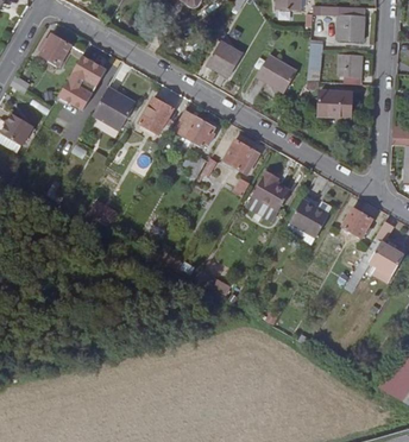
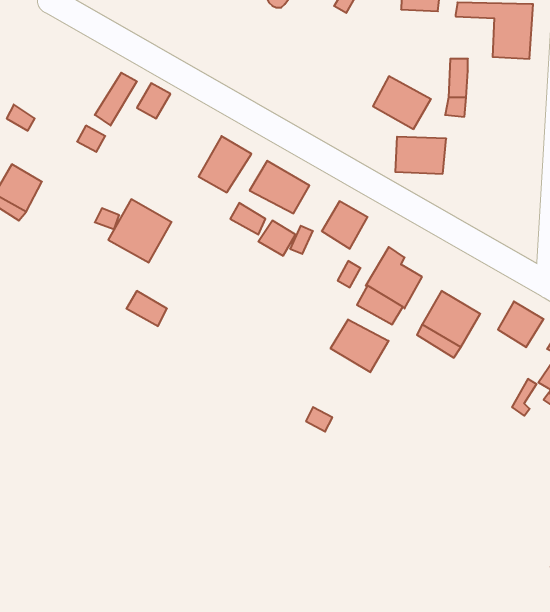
building: [39,32,84,64] -> none
building: [207,40,243,76] -> none
building: [339,55,361,84] -> none
building: [93,87,136,130] -> [108,199,172,263]
building: [317,91,352,116] -> [395,137,446,174]
building: none -> [331,319,389,372]

